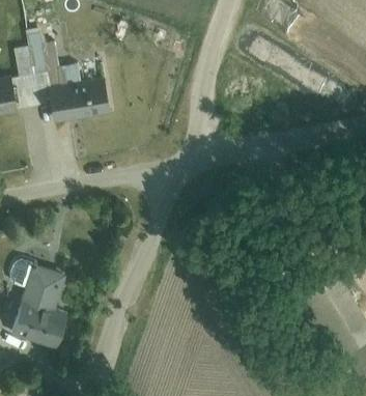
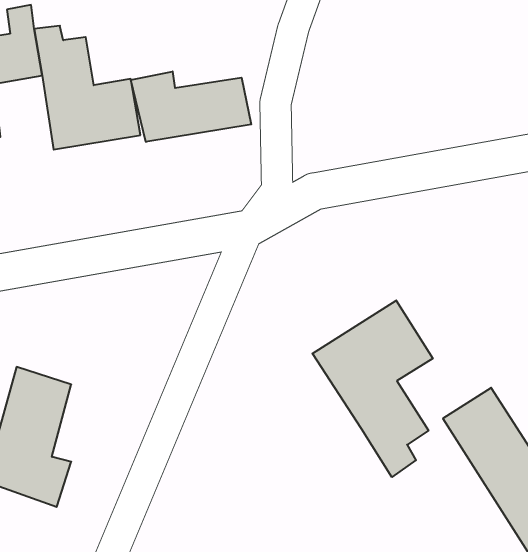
building: none -> [131,71,251,142]
building: none -> [312,300,433,477]

